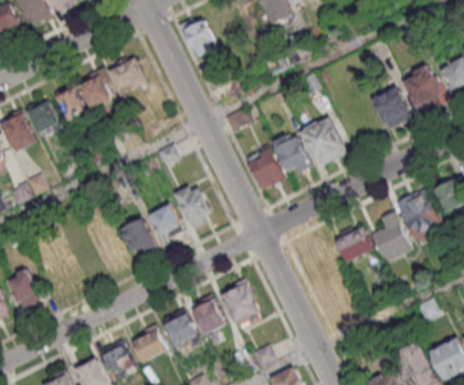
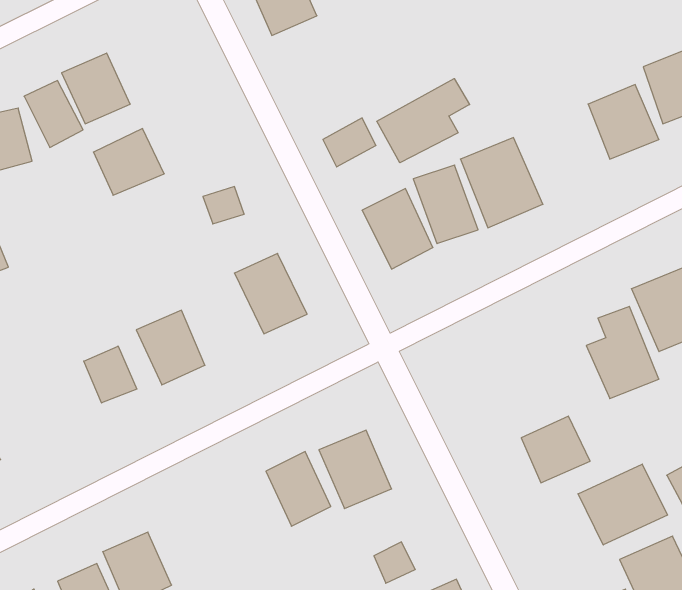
building: [107,58,147,95] -> [93,129,164,195]
building: none -> [377,79,470,163]
building: [146,202,182,242] -> none
building: [335,226,373,263] -> [521,416,590,483]
building: none -> [84,346,137,403]
building: none -> [578,464,667,545]
building: [159,308,199,350] -> none
building: [129,324,168,364] -> none

